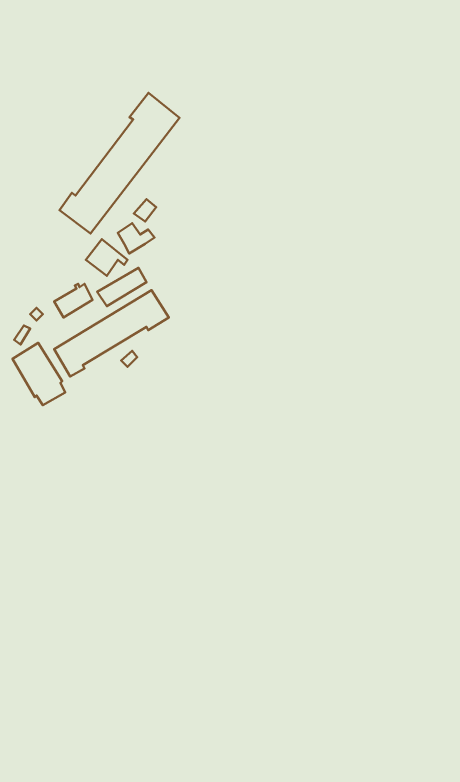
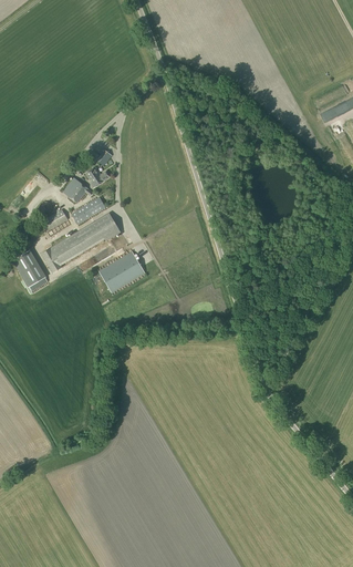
building: [60,93,179,233] -> none
building: none -> [100,251,145,292]

